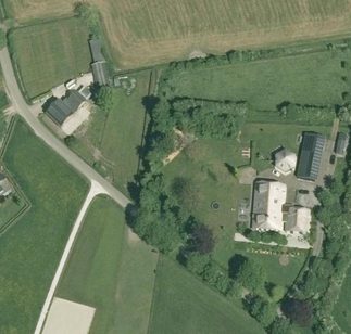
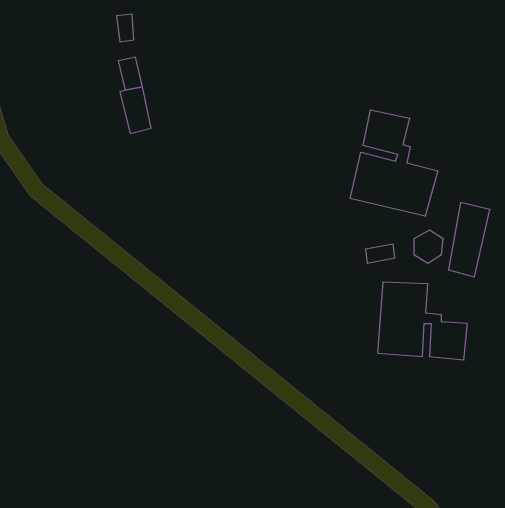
building: none -> [350,110,438,216]
building: [46,86,93,126] -> none

